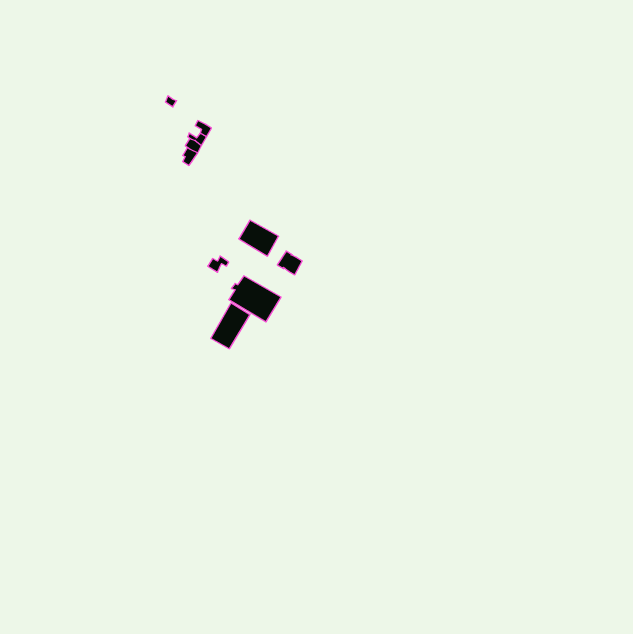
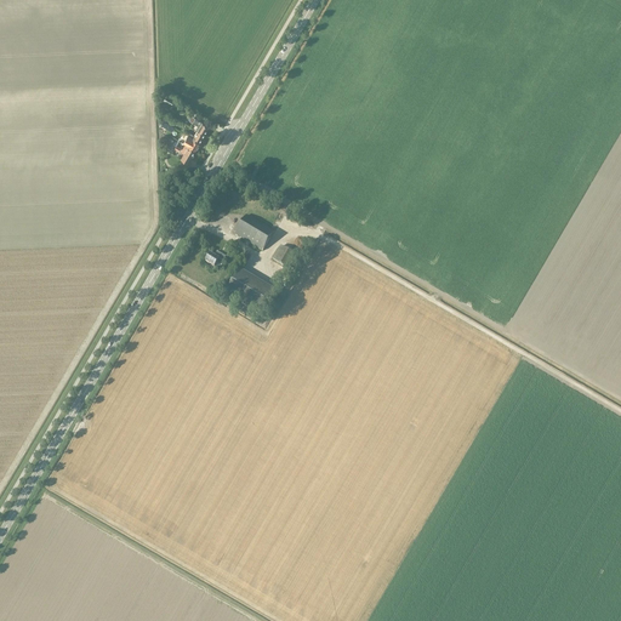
building: [211,303,250,349] -> none

